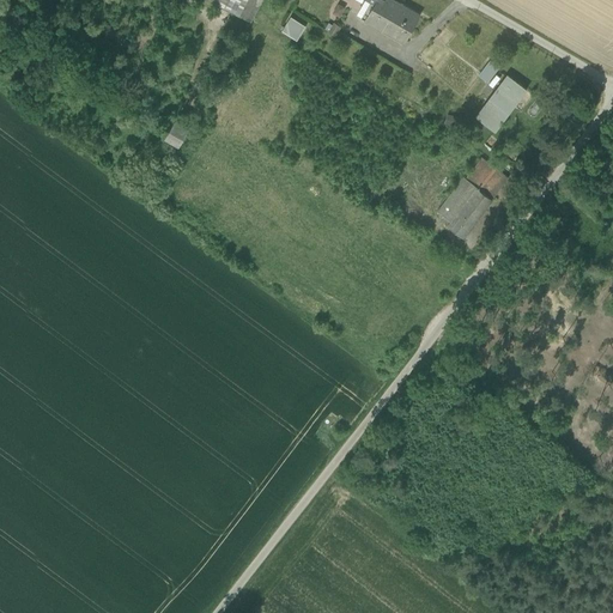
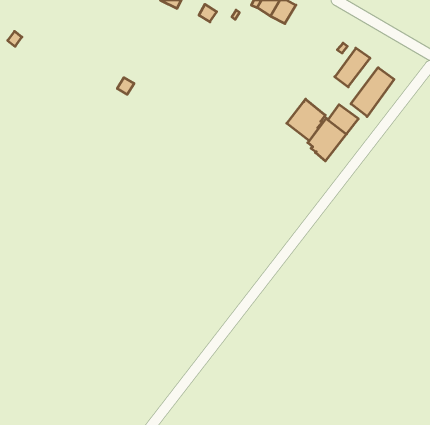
building: none -> [351,68,394,117]
building: none -> [287,99,325,141]

